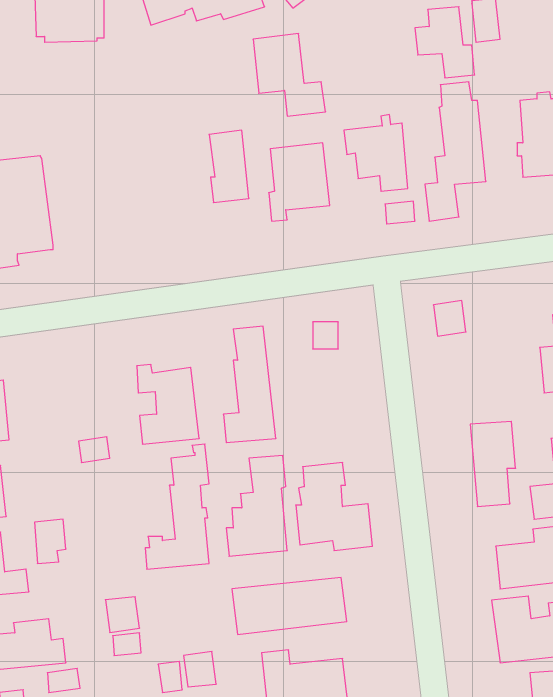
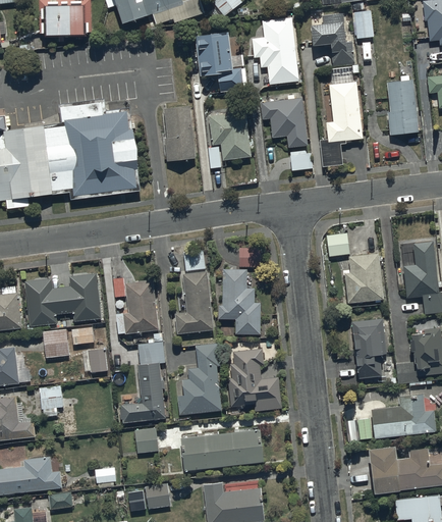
building: none -> [253,20,299,89]
building: none -> [45,101,140,196]
building: none -> [344,251,384,301]
building: none -> [218,266,260,331]
building: none -> [25,274,101,327]
building: none -> [43,329,69,359]
building: none -> [88,349,107,373]
building: [105,597,140,632] -> [134,427,159,453]

